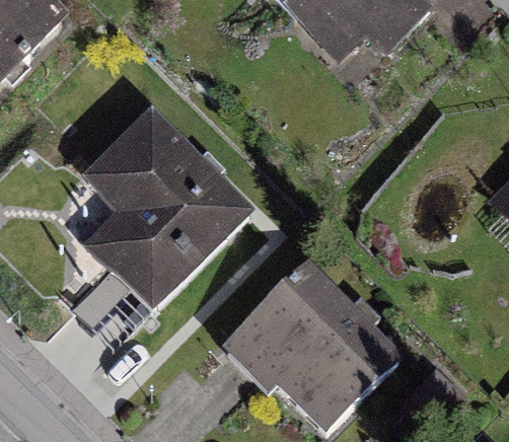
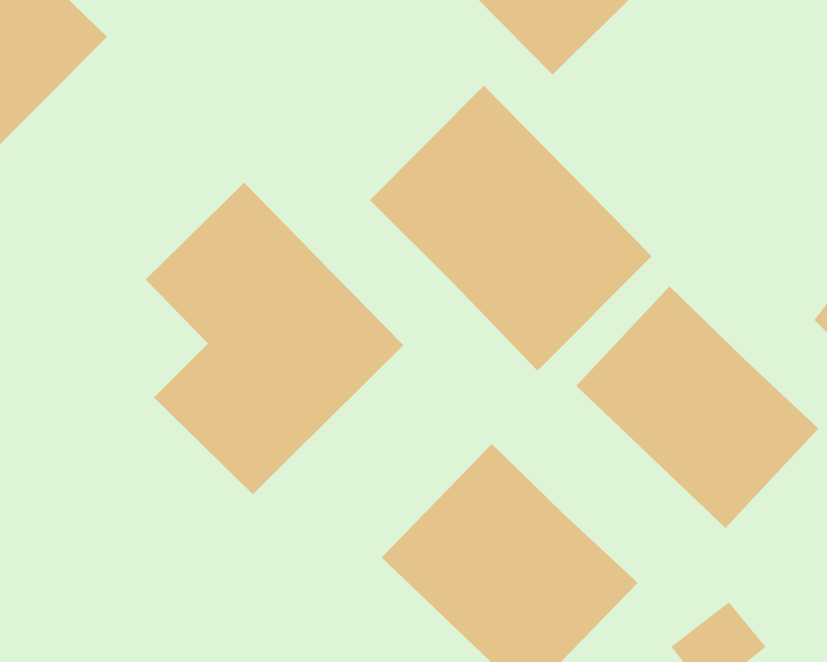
building: none -> [369,85,652,372]
building: none -> [575,285,819,529]

